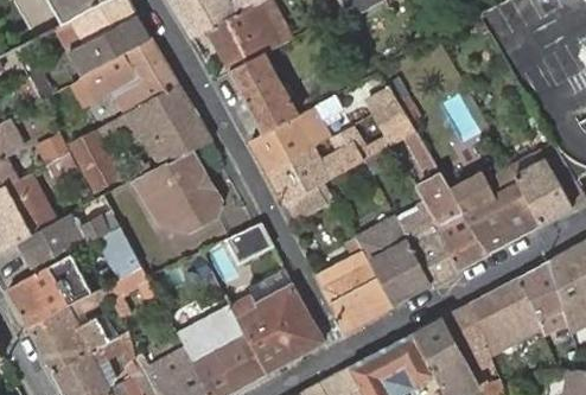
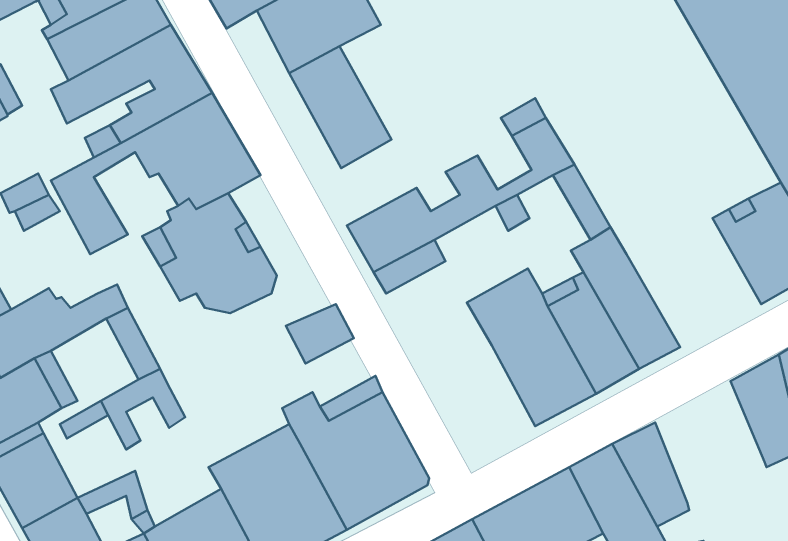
building: [250,97,339,172] -> none
building: [452,167,541,253] -> none
building: [317,251,391,331] -> none
building: [471,275,543,356] -> none

